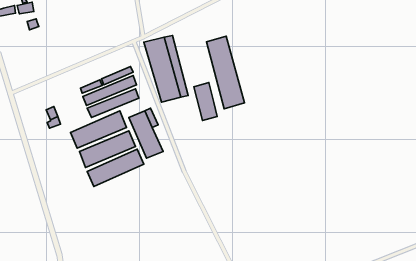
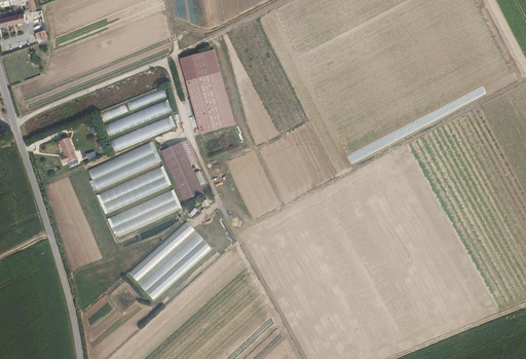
building: [206,36,245,109] -> none
building: [194,83,217,120] -> none
building: none -> [128,221,211,299]

